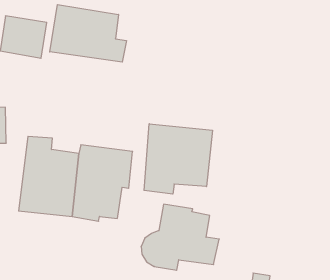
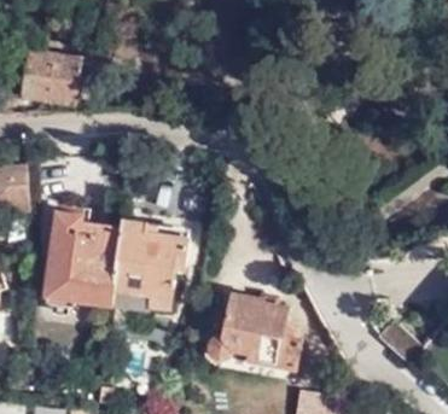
building: [50,5,126,62] -> none
building: [144,124,212,194] -> none

